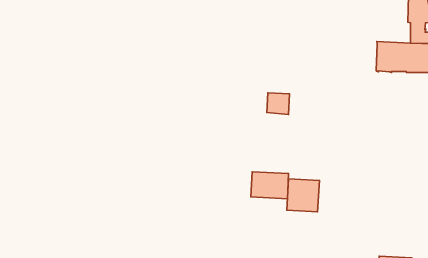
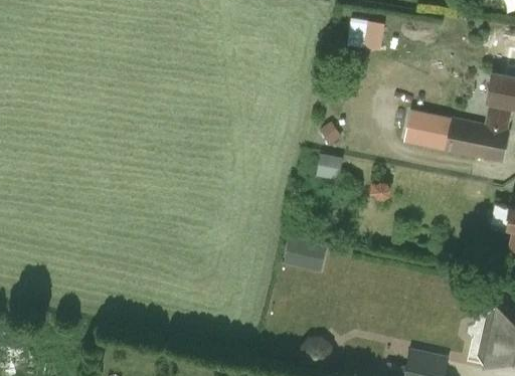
building: none -> [405,113,450,149]
building: [287,179,319,212] -> none

